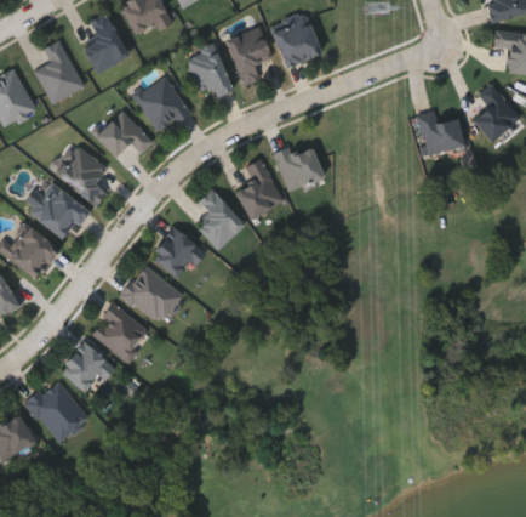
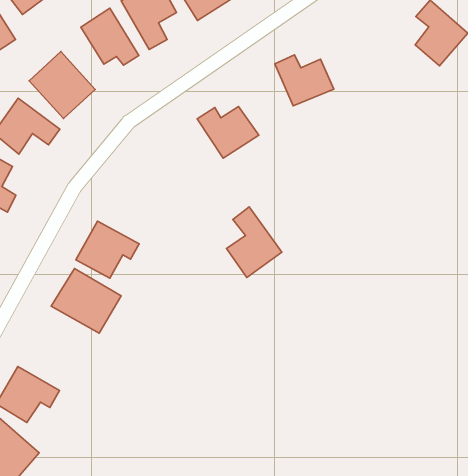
building: [417,110,464,154] -> [275,55,334,106]
building: [236,159,284,220] -> [226,207,282,278]
building: [198,188,245,249] -> none
building: [91,303,151,362] -> none

